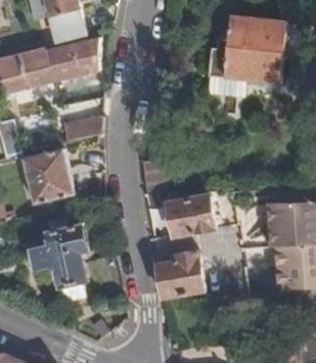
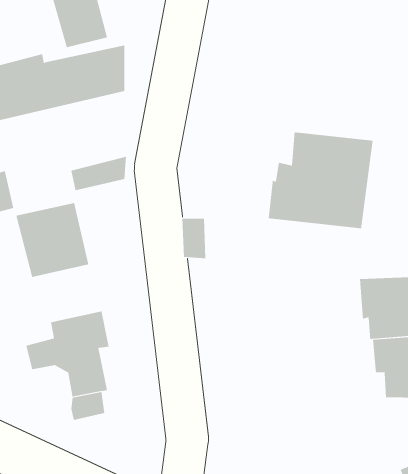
building: [208,15,282,84] -> [268,132,373,229]
building: [164,196,214,237] -> none
building: [153,252,200,298] -> none

